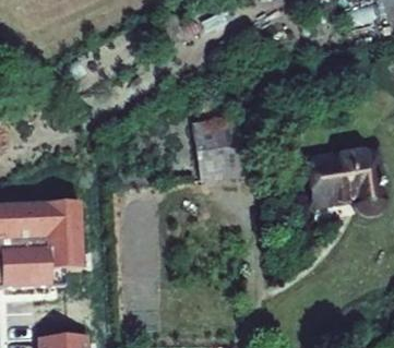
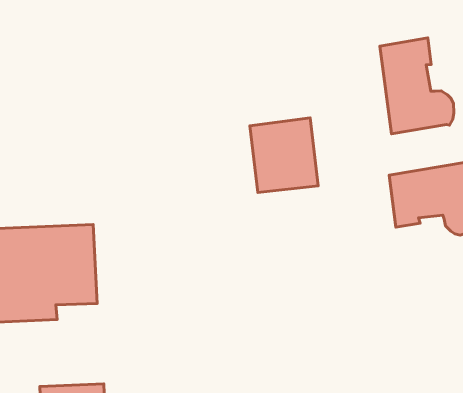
building: none -> [380,38,454,134]

